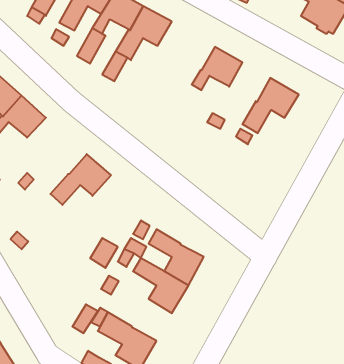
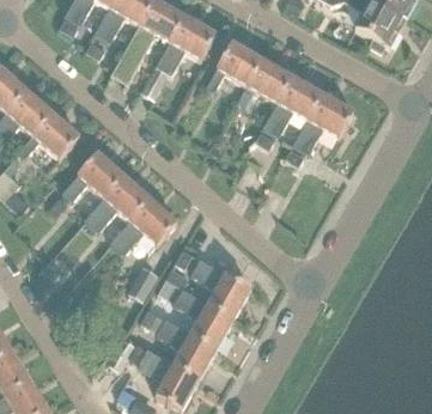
building: none -> [205,42,262,91]
building: none -> [262,77,322,136]
building: none -> [61,152,123,200]
building: none -> [109,199,176,254]
building: none -> [156,318,215,378]

